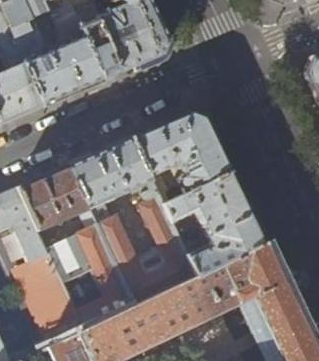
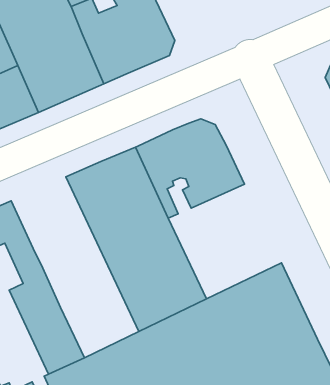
building: [19,165,136,331] -> none
building: [163,172,267,277] -> none

